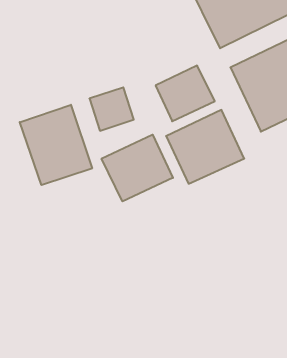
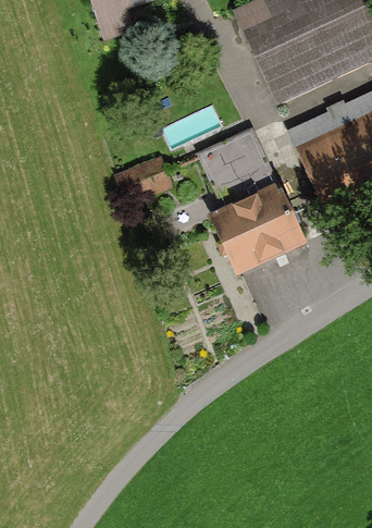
building: [20,105,92,185] -> none
building: [102,135,173,201] -> none

